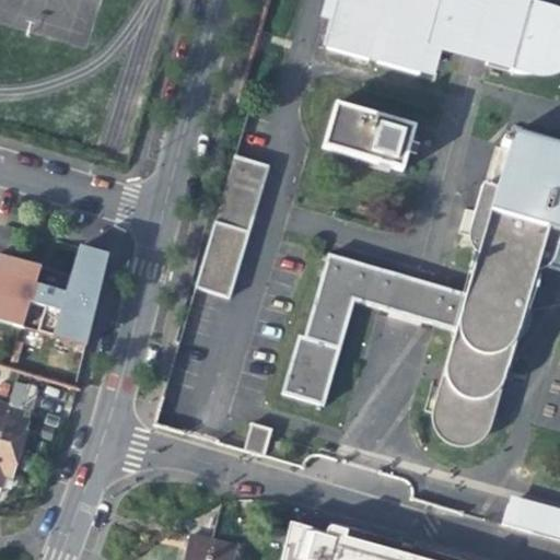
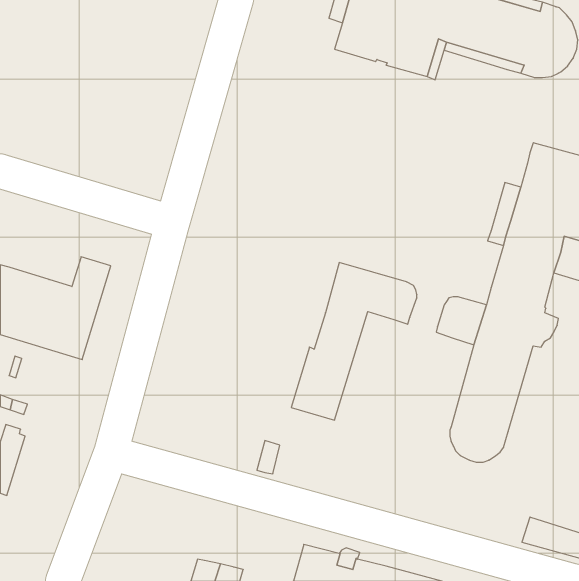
building: [327,102,416,166] -> none
building: [196,152,271,296] -> none
building: [394,270,443,318] -> none

